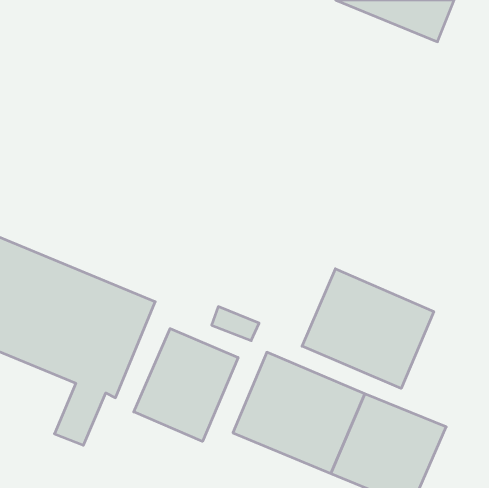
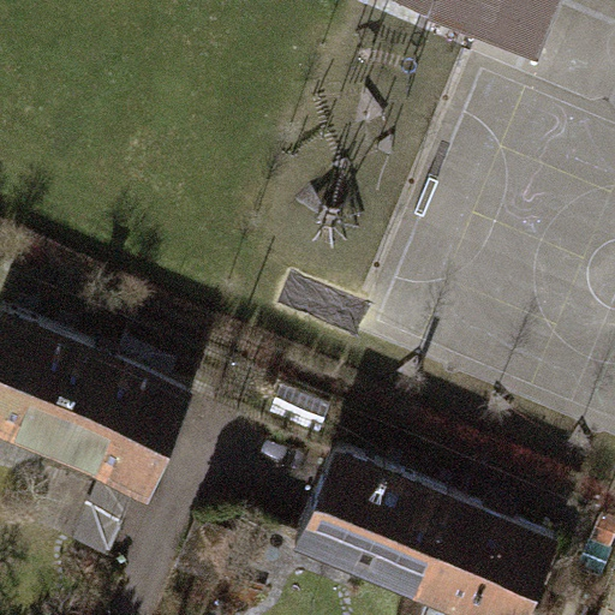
building: [302,269,434,388] -> none
building: [134,329,238,441] -> none

